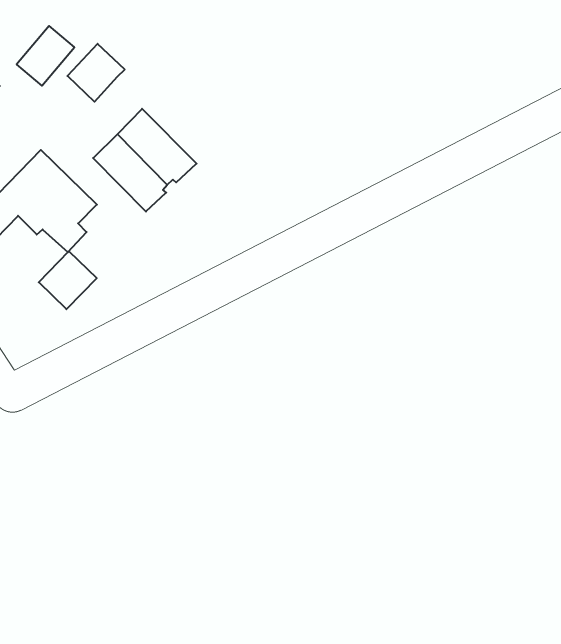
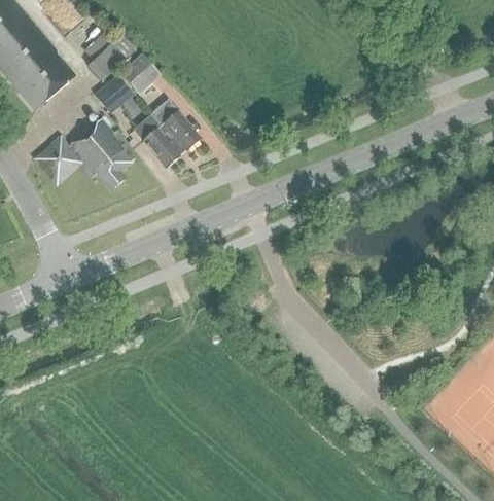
building: none -> [94,75,132,113]
building: [39,251,97,309] -> none

